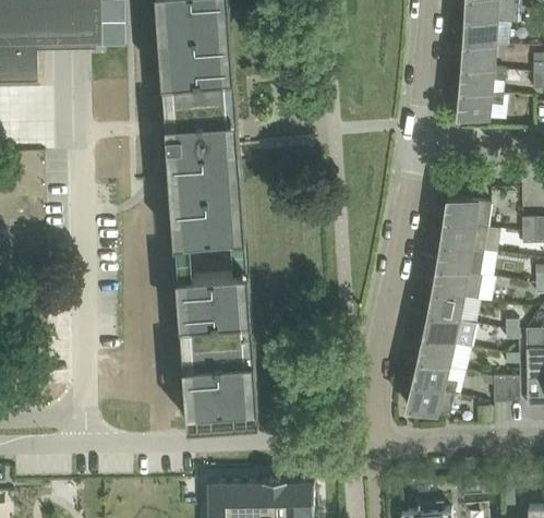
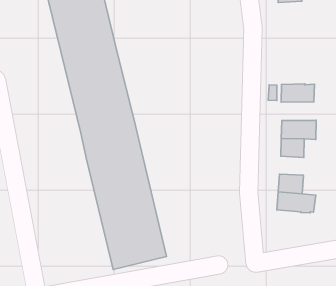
building: [444,197,489,228] -> none
building: [436,244,482,275] -> none
building: [422,314,474,349] -> none
building: [406,383,454,418] -> none

